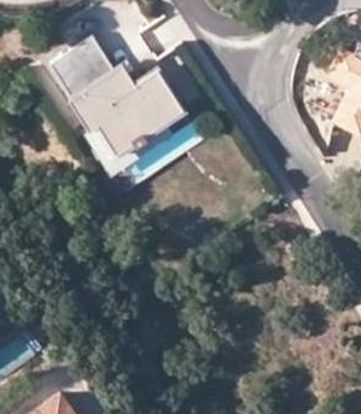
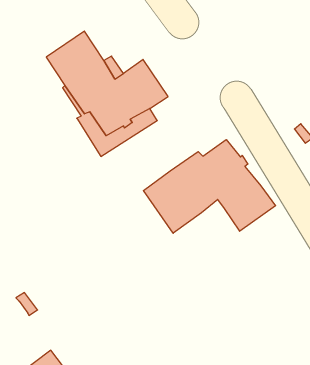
building: none -> [143,140,276,233]

